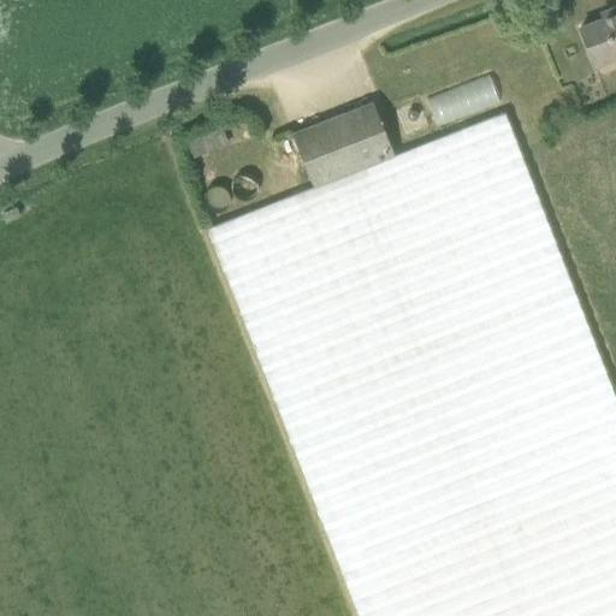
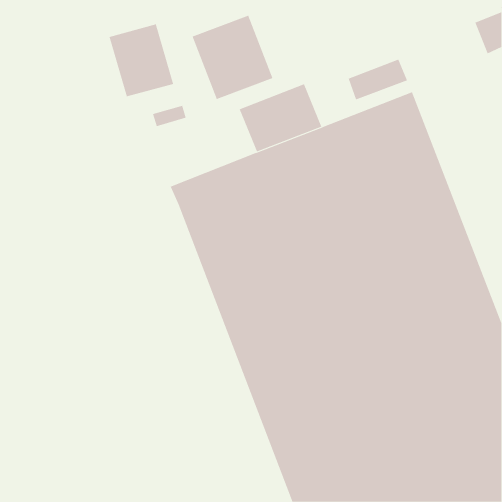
building: none -> [192,15,273,100]
building: none -> [109,24,174,97]

